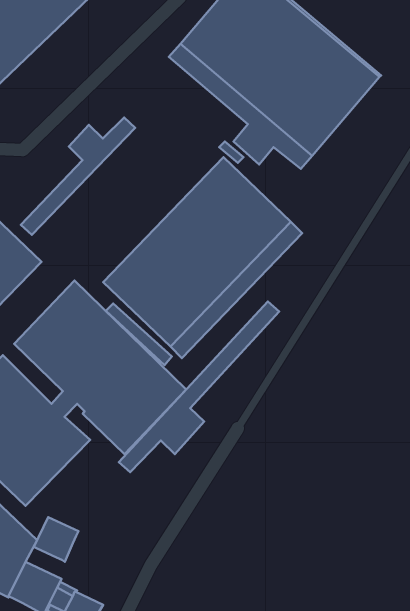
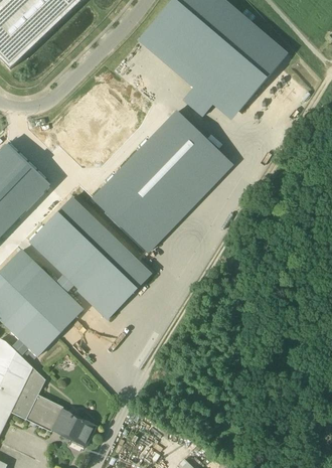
building: [21,118,135,235] -> none
building: [119,301,279,472] -> none
building: [34,517,79,562] -> none

